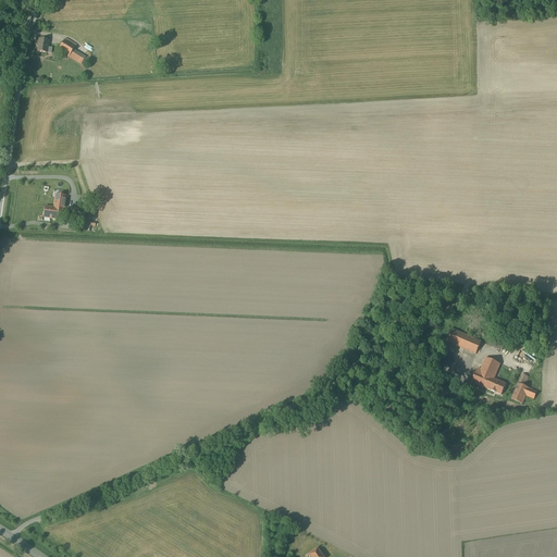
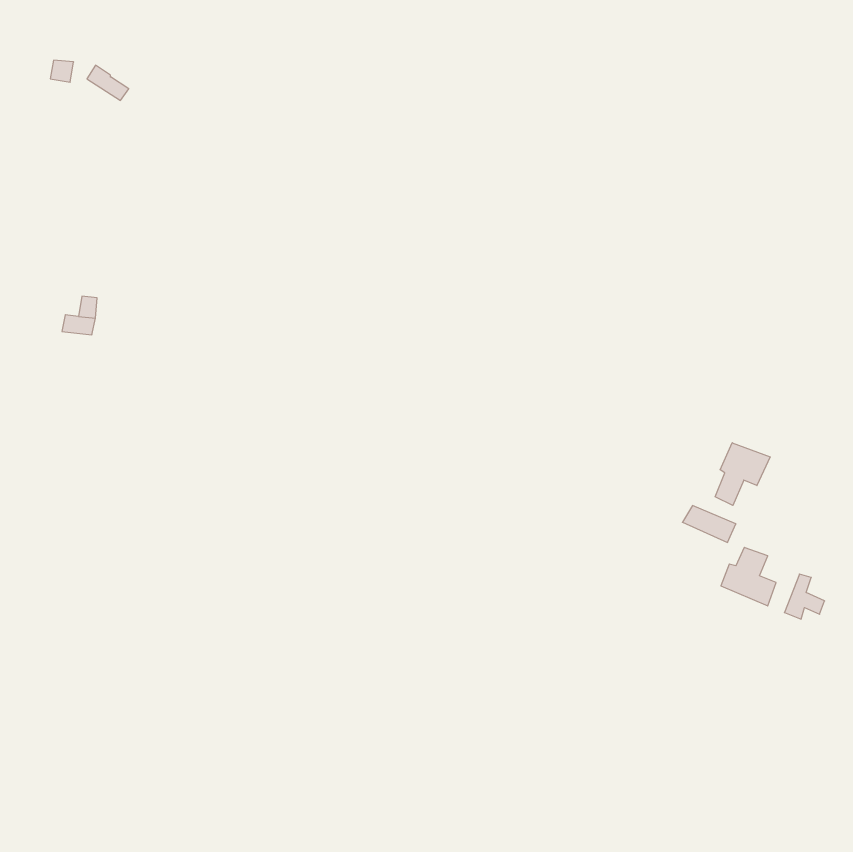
building: none -> [715,443,770,505]

